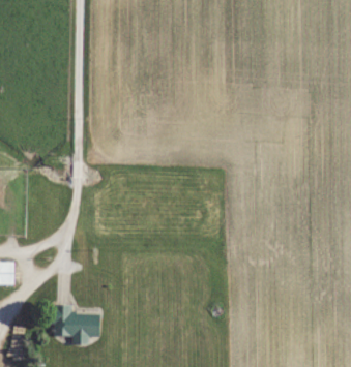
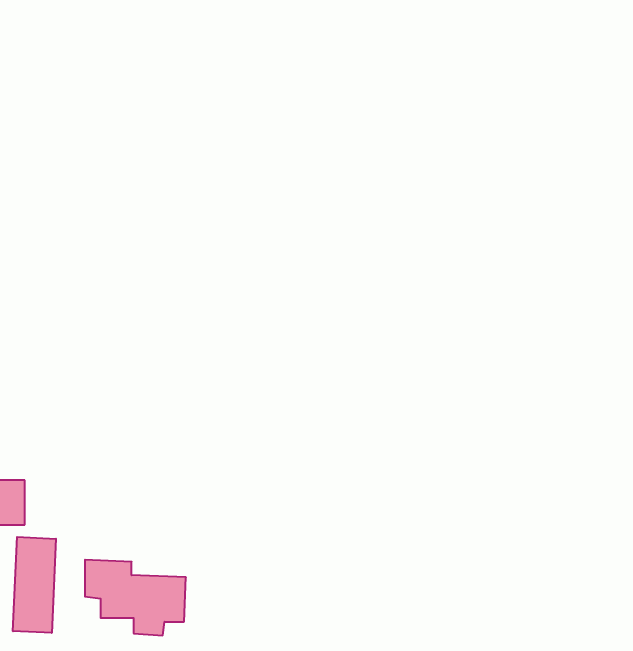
building: none -> [13,537,56,633]

